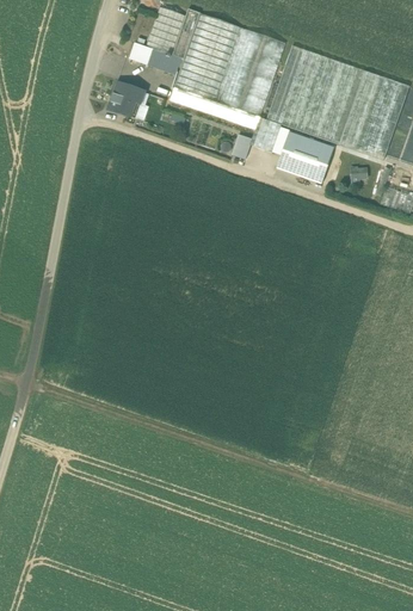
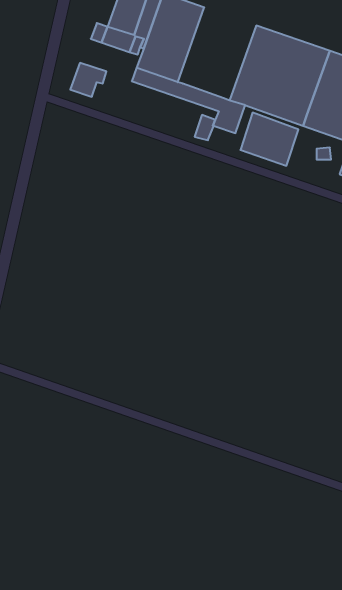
building: [220,29,285,117] -> none

